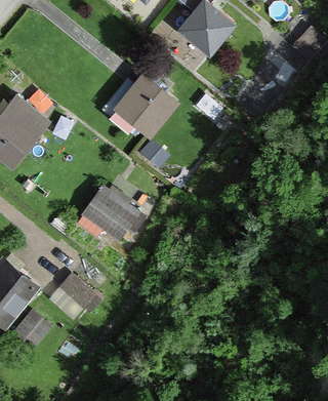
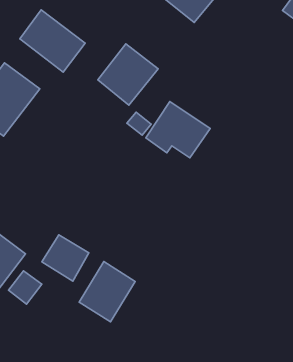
building: none -> [20,10,85,72]
building: [77,184,142,241] -> [146,102,210,158]
building: none -> [79,262,135,322]

